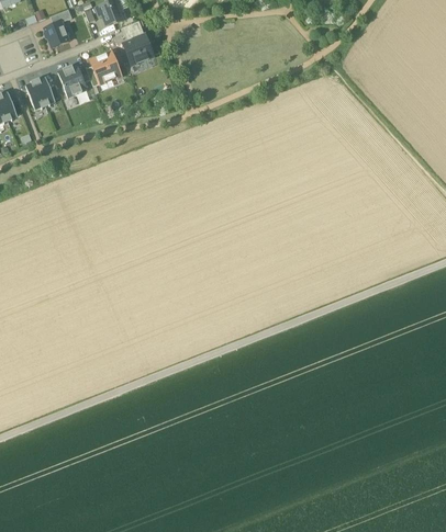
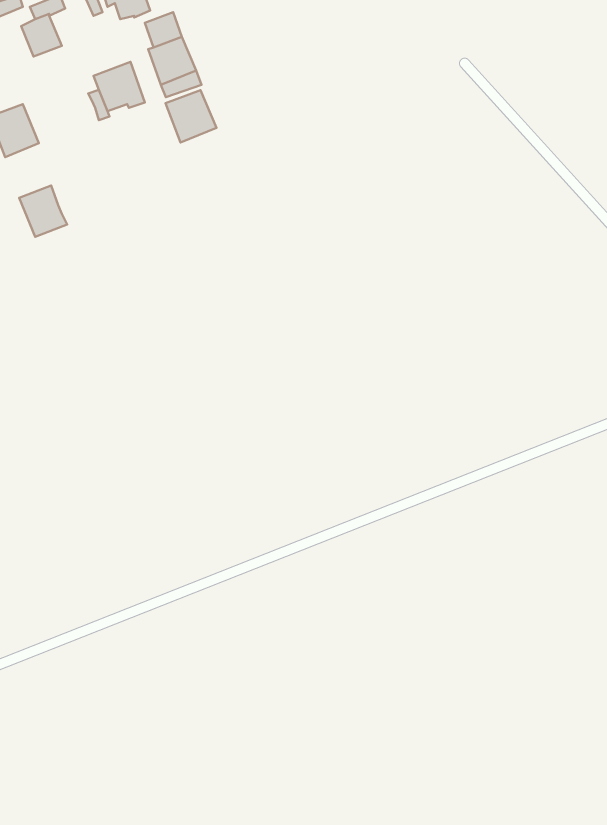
building: [57,64,87,95] -> [19,186,67,237]
building: none -> [166,90,216,142]

